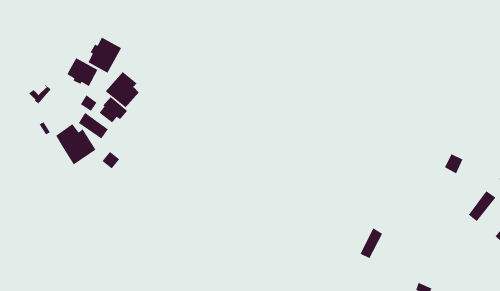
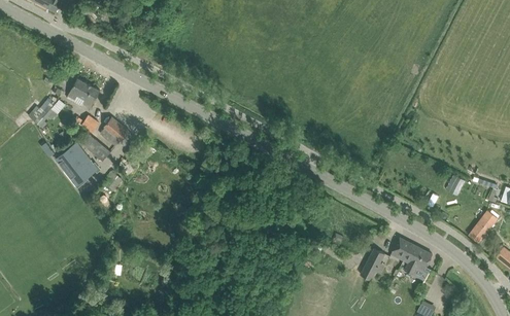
building: [88,37,122,74] -> none
building: [105,71,140,108] -> none
building: none -> [392,238,433,275]

